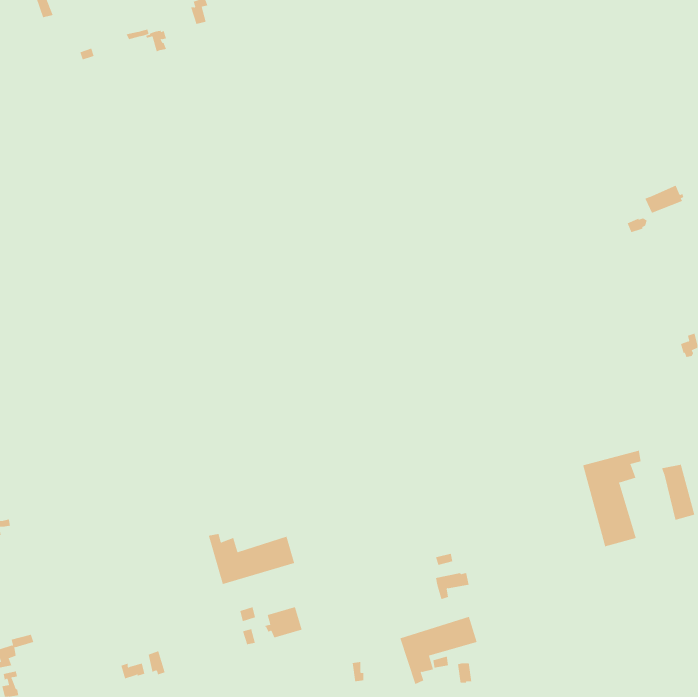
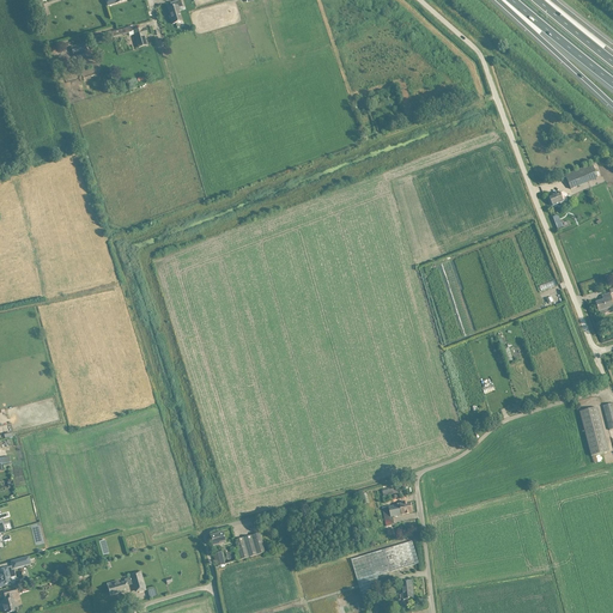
building: [583,450,641,547] -> none
building: [208,533,295,585] -> none

